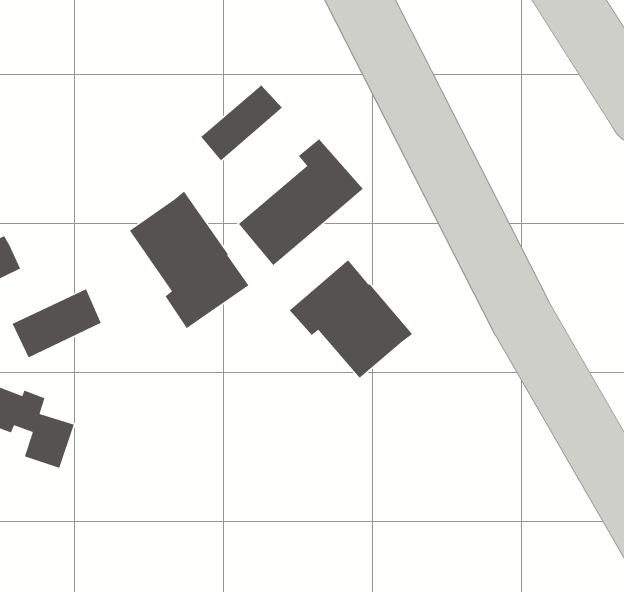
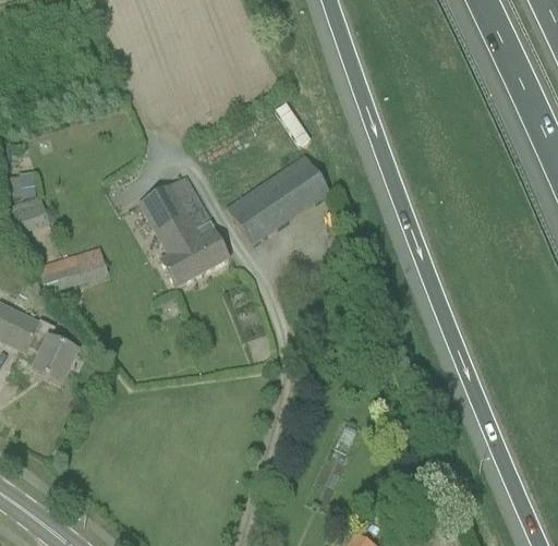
building: [200,85,283,161] -> none
building: [289,259,413,379] -> none

